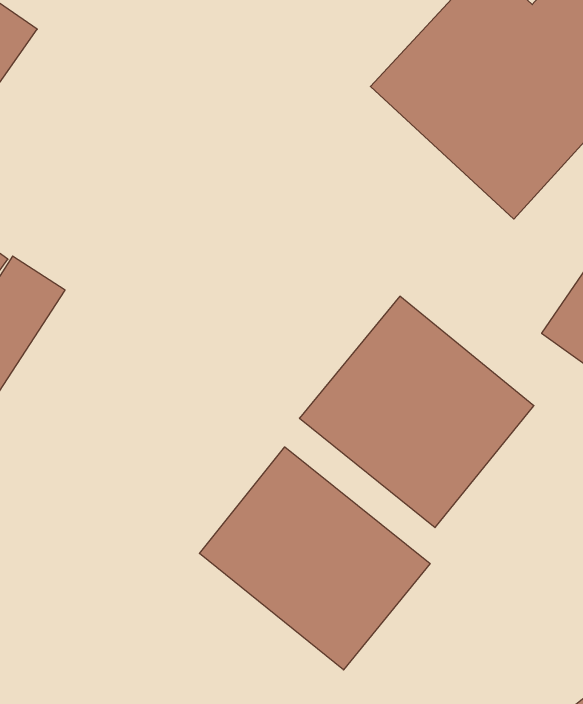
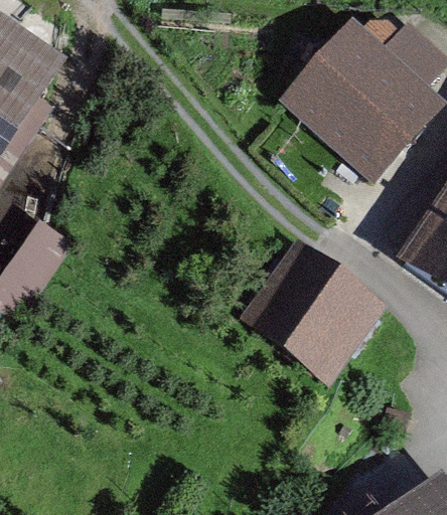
building: [199,447,430,670] -> none

